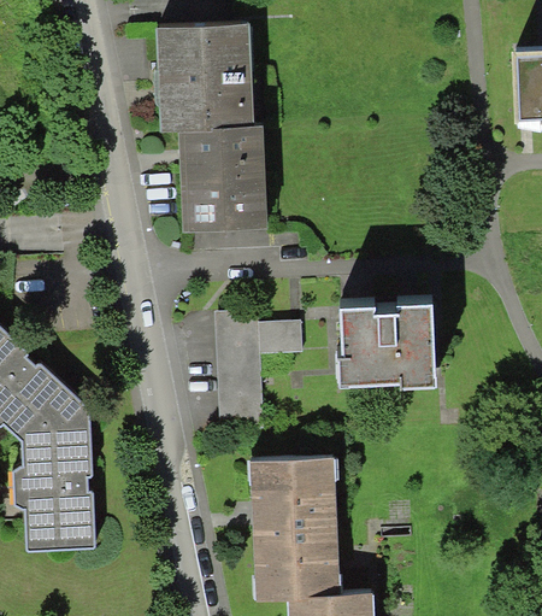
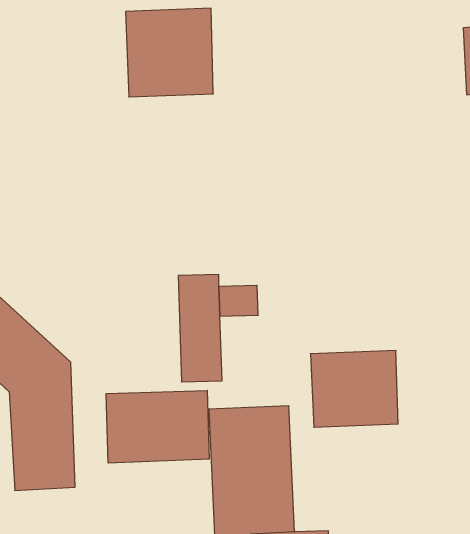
building: [182,122,277,234] -> none
building: [331,297,428,381] -> [310,351,398,427]
building: none -> [106,390,209,463]

